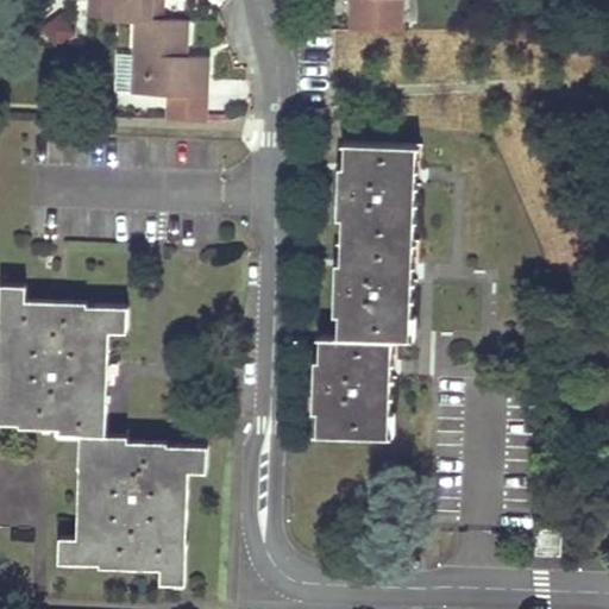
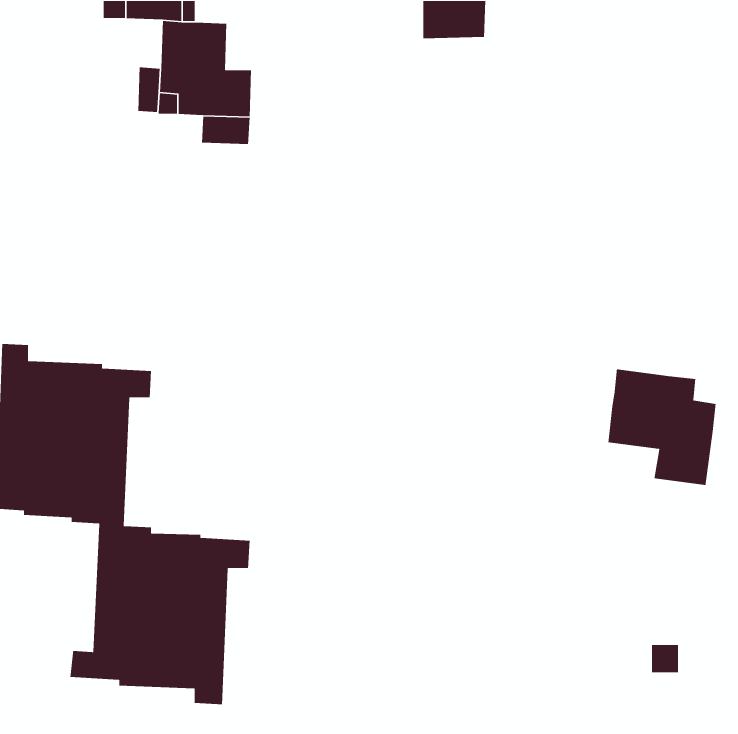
building: [313,145,415,439] -> none
building: none -> [607,369,716,486]

